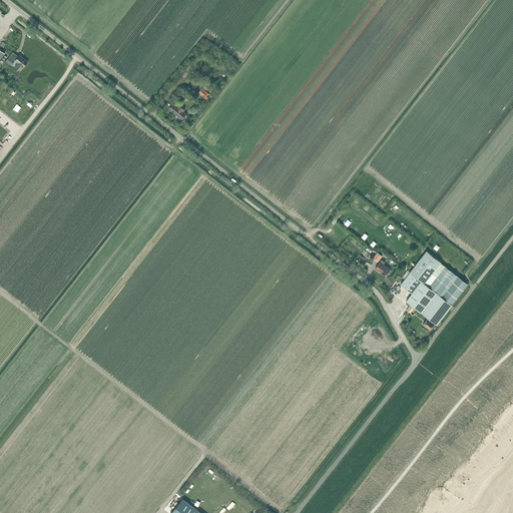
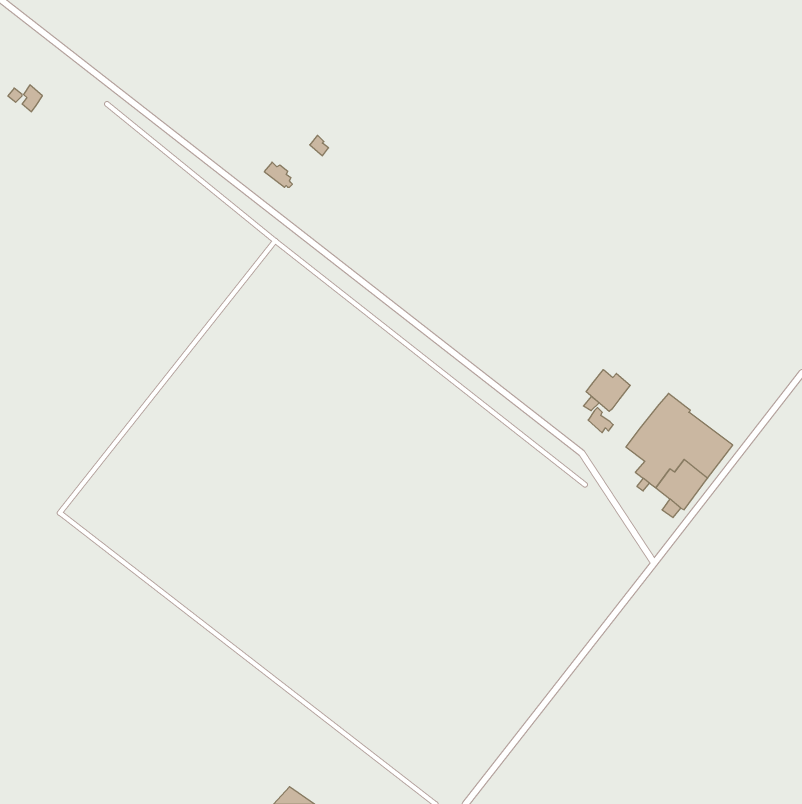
building: none -> [586,370,630,411]

